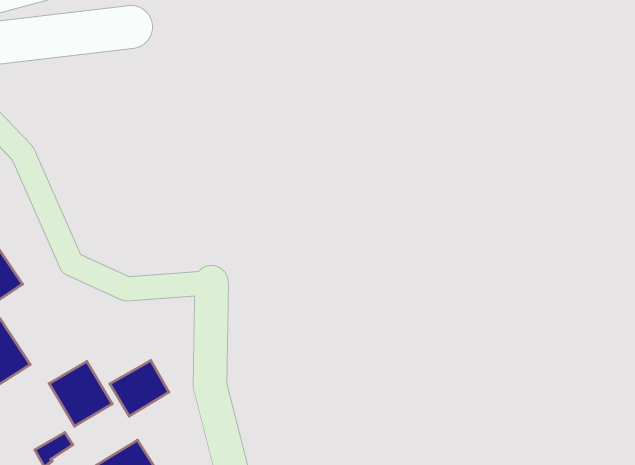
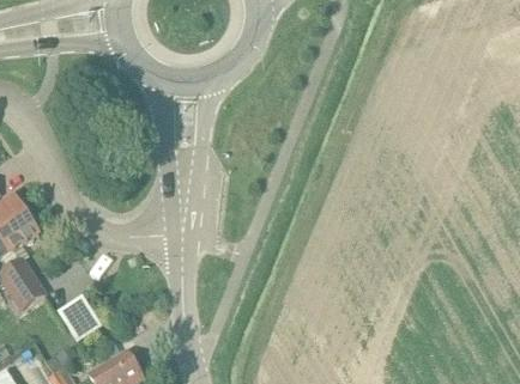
building: [110,360,169,416] -> none

